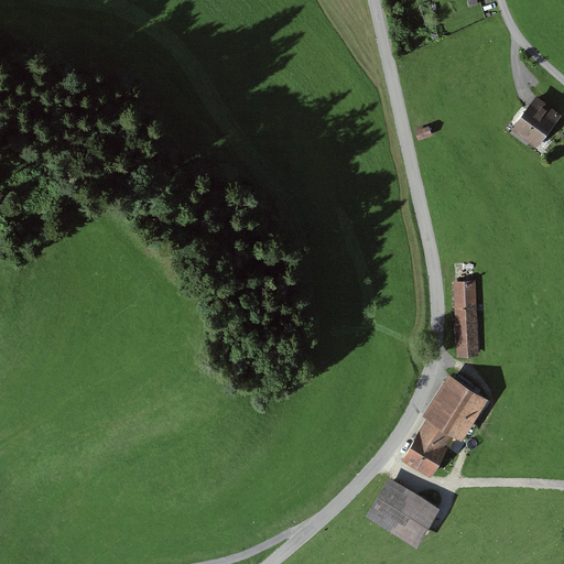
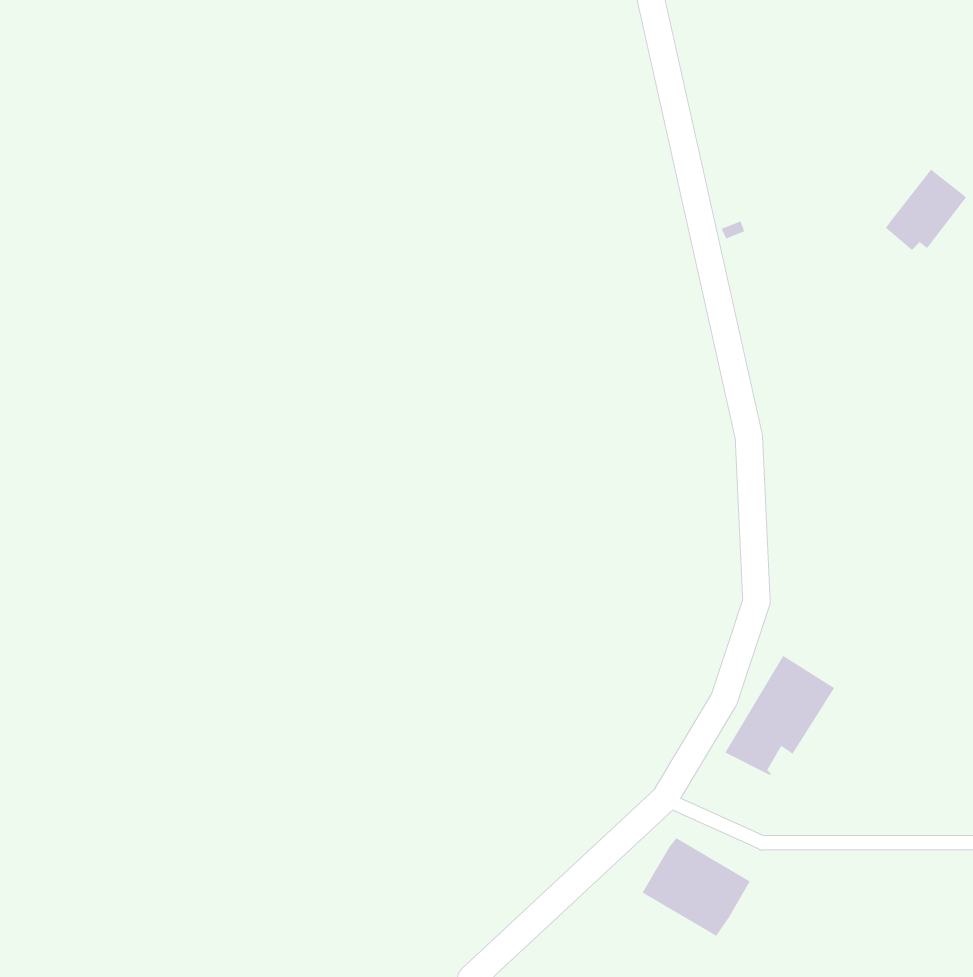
building: [456,282,478,350] -> none
building: [405,434,446,473] -> none

